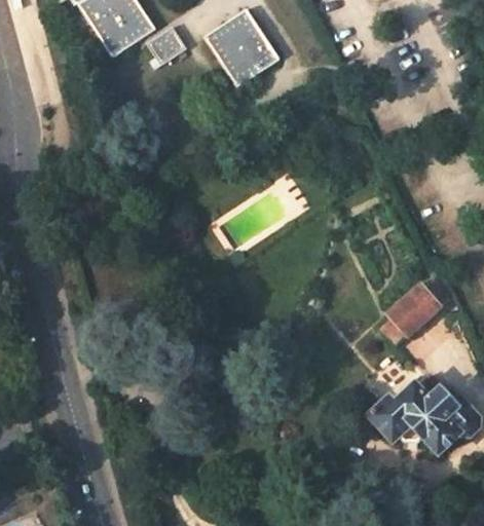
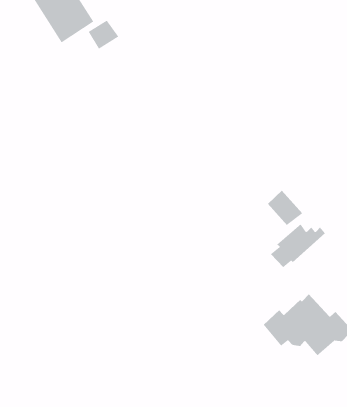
building: [204,8,280,86] -> none
building: none -> [267,190,303,226]

